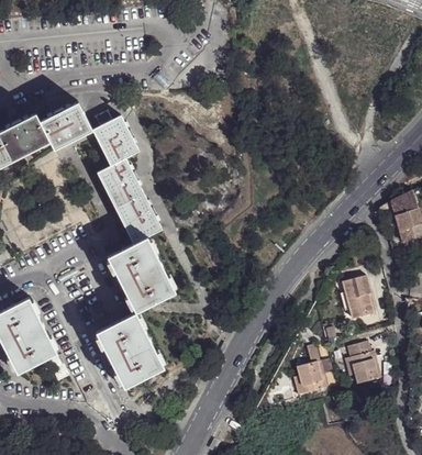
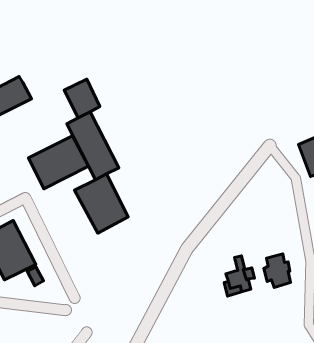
building: [40,103,92,151] -> none
building: none -> [28,136,88,189]
building: [342,275,376,318] -> none
building: [95,314,163,389] -> none

